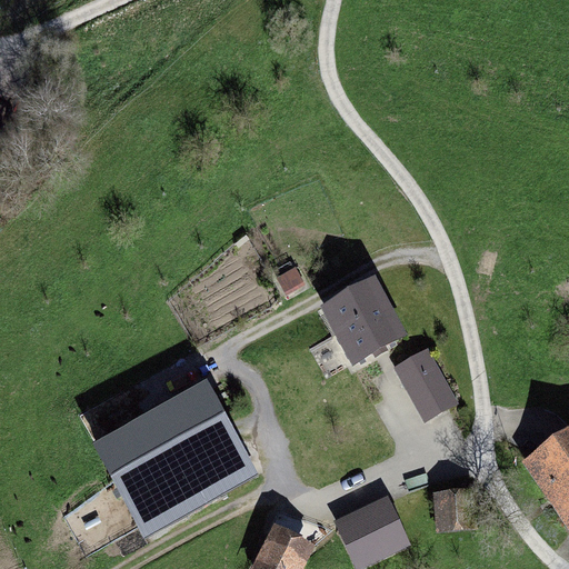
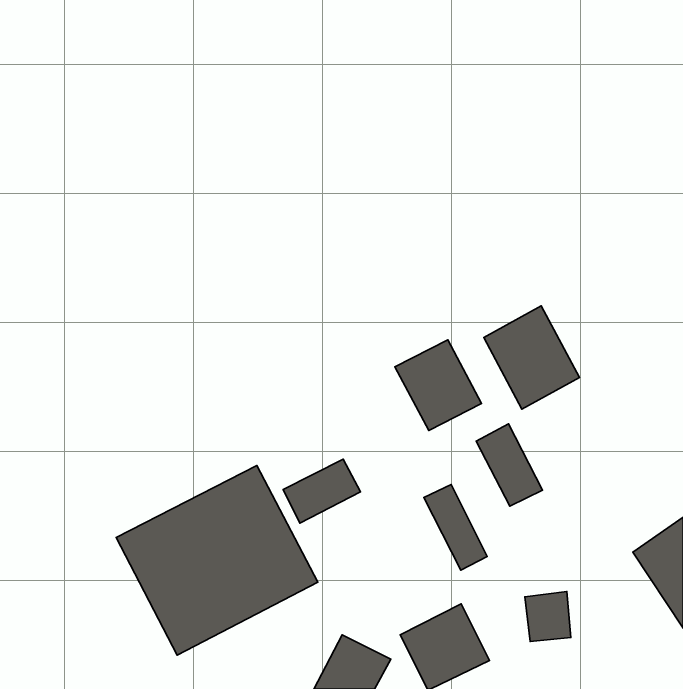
building: none -> [484,306,579,409]
building: none -> [283,459,360,523]
building: none -> [424,485,487,570]

